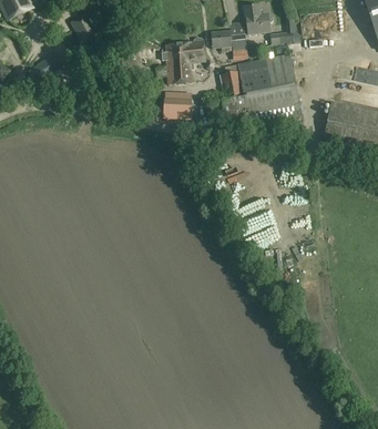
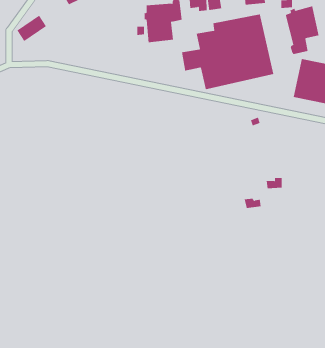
building: none -> [285,6,319,55]
building: [163,96,192,118] -> none

